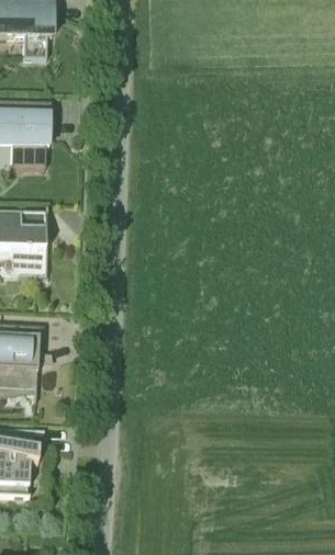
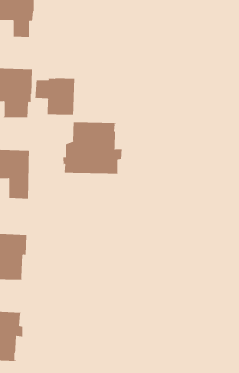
building: none -> [35,78,75,116]
building: none -> [55,121,125,174]

